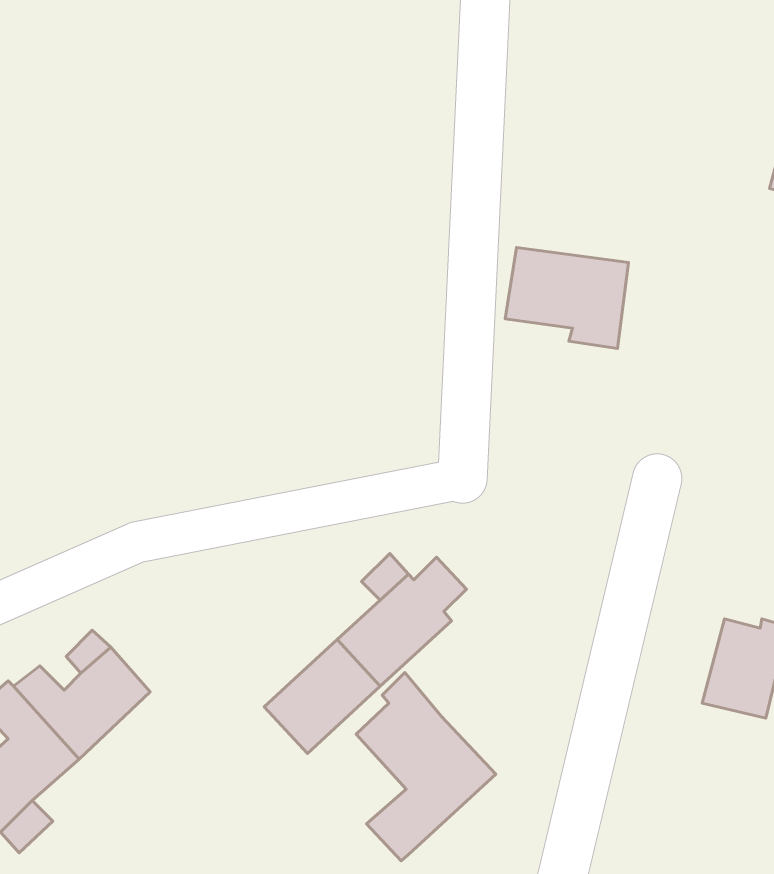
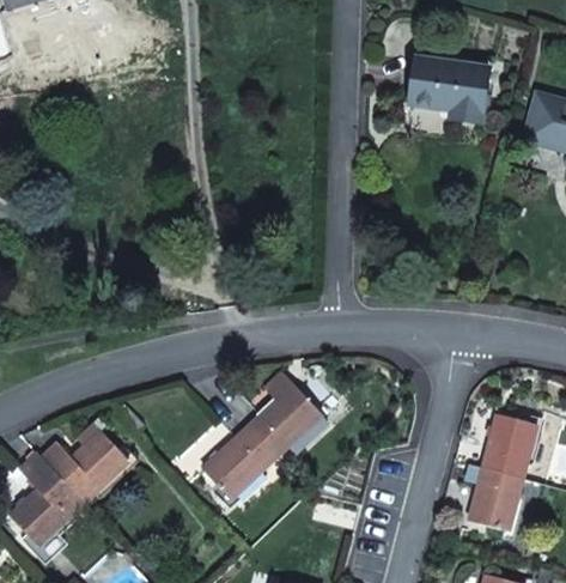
building: [505,248,629,349] -> [408,59,487,123]
building: [356,672,496,861] -> none
building: none -> [468,468,522,533]

